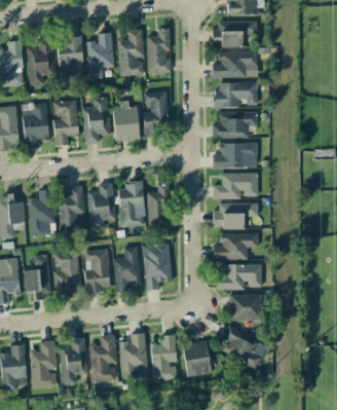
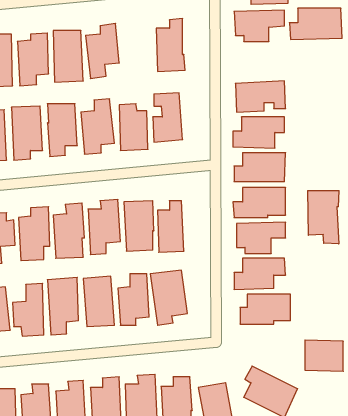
building: [116,30,143,76] -> none
building: [212,51,257,78] -> [289,8,342,39]
building: none -> [308,191,339,244]
building: [229,294,262,321] -> [305,340,343,371]

